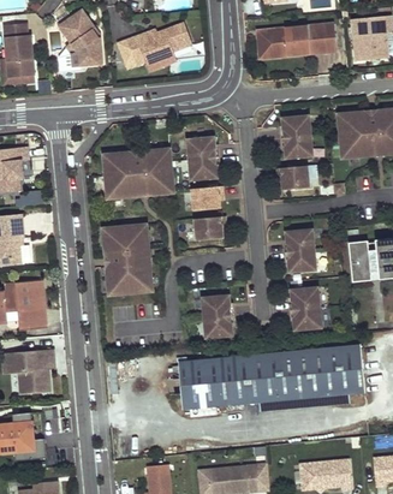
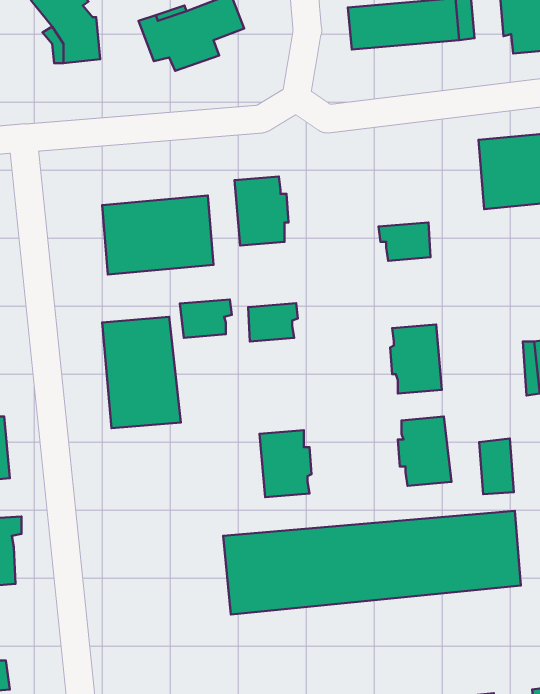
building: [279,115,311,159] -> none
building: [190,186,222,210] -> [180,300,232,338]
building: [346,240,368,275] -> [479,438,514,494]

